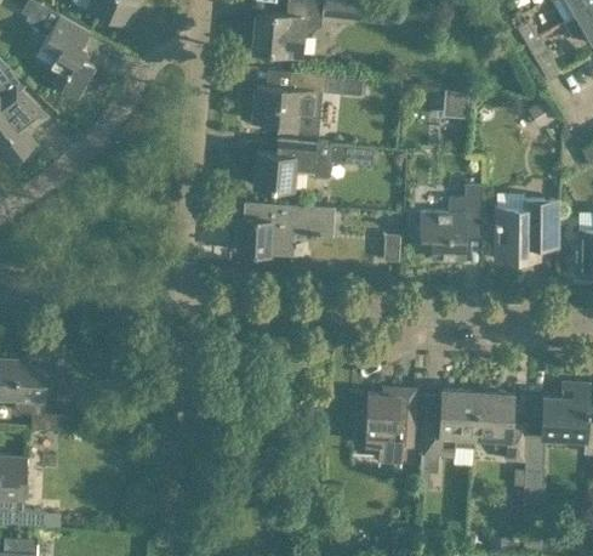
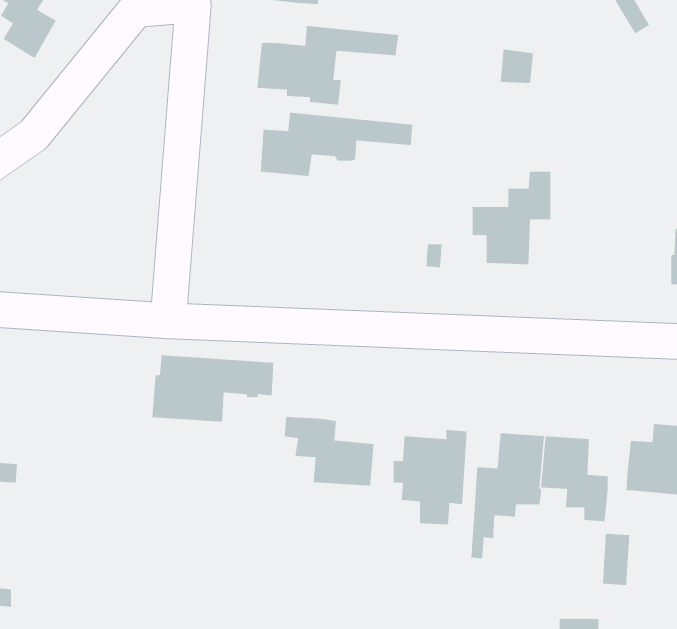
building: [495,200,559,261] -> none
building: [235,203,331,256] -> [152,354,274,423]
building: none -> [284,416,374,487]

